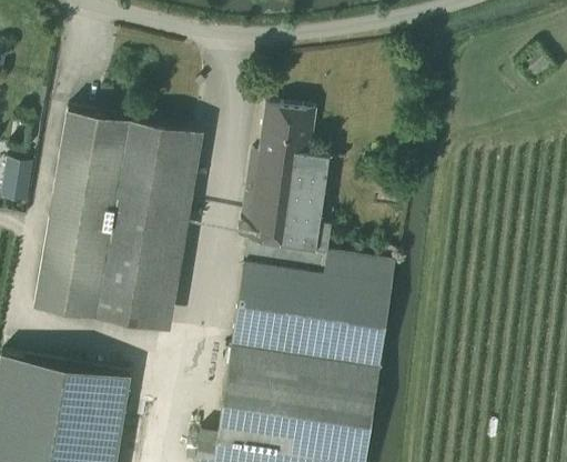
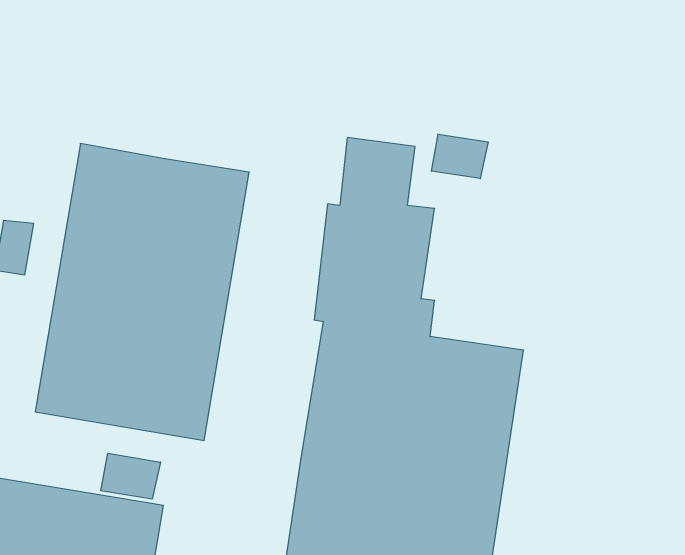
building: none -> [432,134,488,179]
building: none -> [101,453,161,499]

